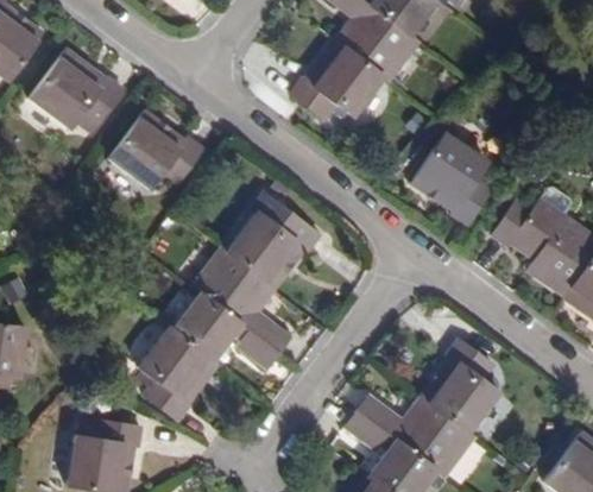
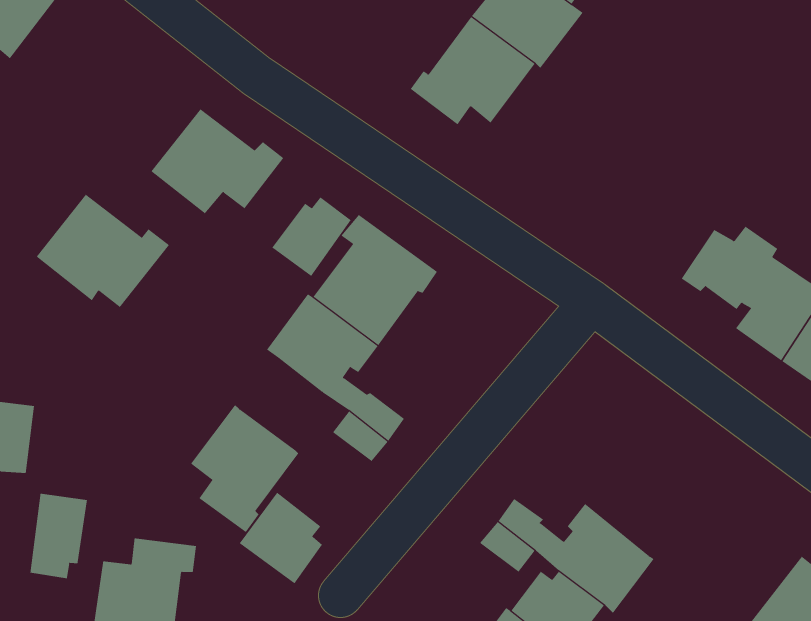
building: [31,50,127,132] -> [36,194,170,308]
building: [411,135,490,228] -> none
building: none -> [271,196,352,277]
building: [174,292,234,359] -> [239,492,323,584]
building: [422,340,499,435] -> none
building: none -> [30,493,88,579]

